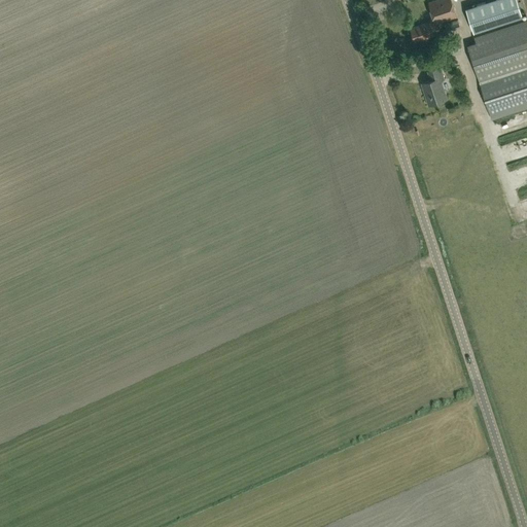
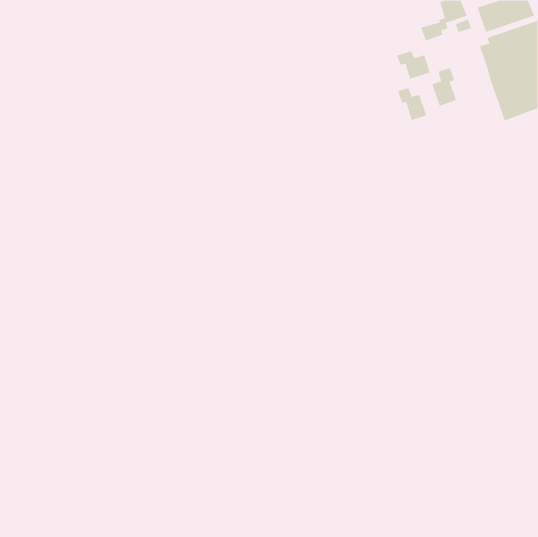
building: none -> [397,50,431,79]
building: none -> [398,87,427,121]

